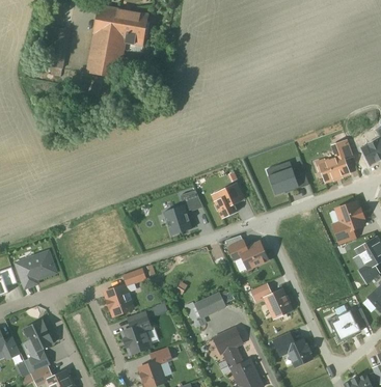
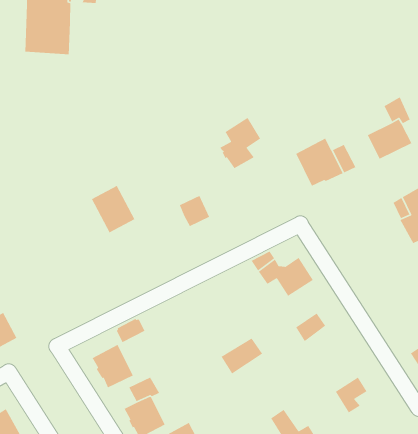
building: [214,183,244,218] -> [219,117,261,169]
building: [163,202,192,236] -> [91,185,135,234]
building: [265,288,292,319] -> none
building: [214,328,243,353] -> none
building: [285,338,312,366] -> none

